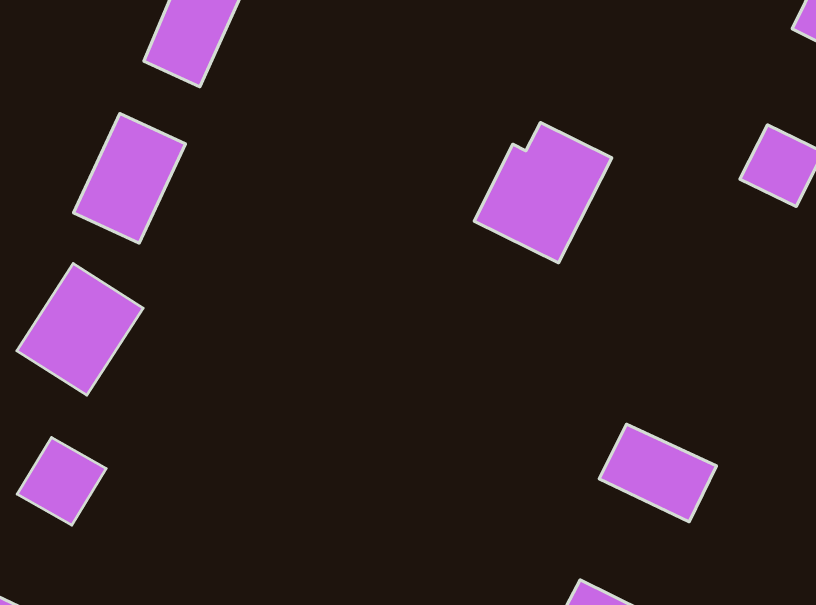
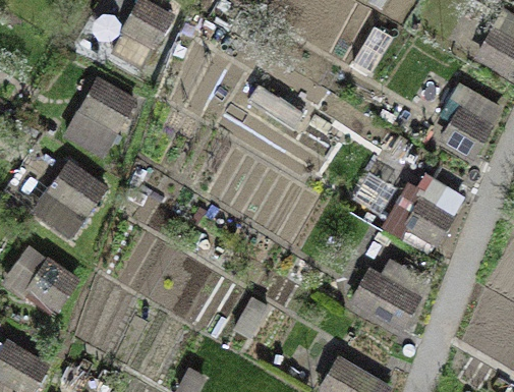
building: [474,123,612,263] -> [385,173,464,253]

